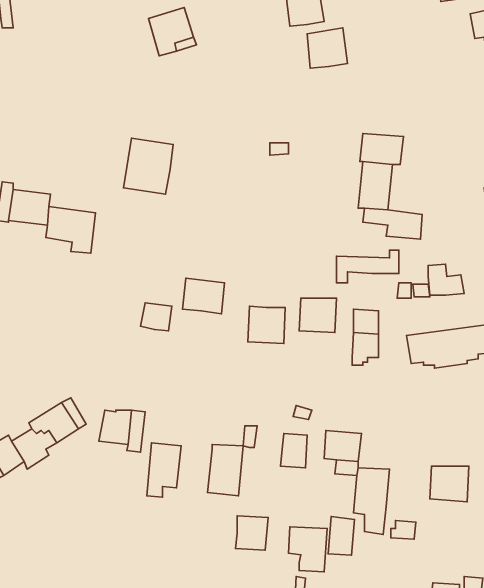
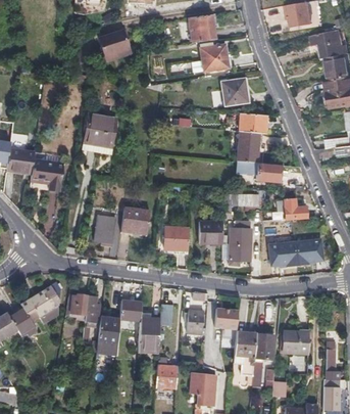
building: none -> [221,79,246,105]
building: none -> [120,301,143,321]
building: [328,516,354,555] -> [255,334,272,360]

